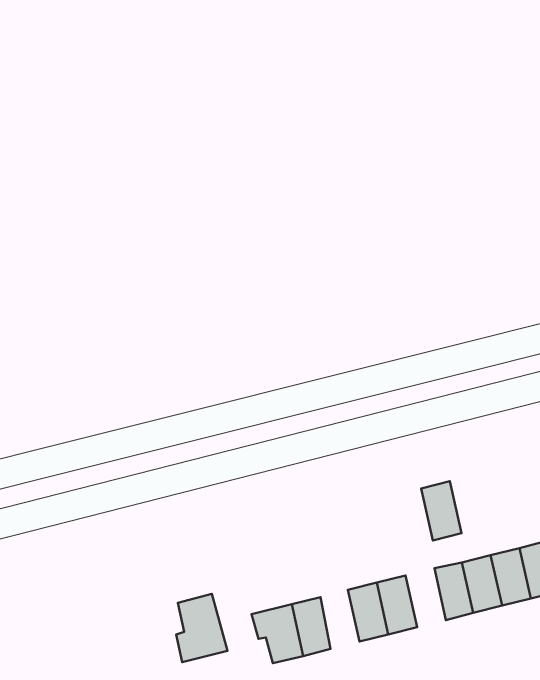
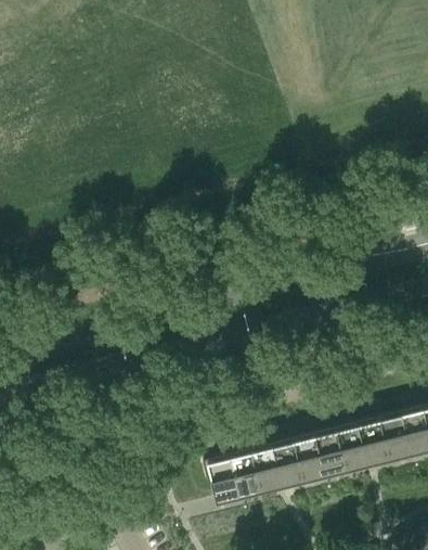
building: [421,481,462,540] -> [322,431,352,475]
building: none -> [258,447,287,491]
building: [176,594,228,662] -> none

